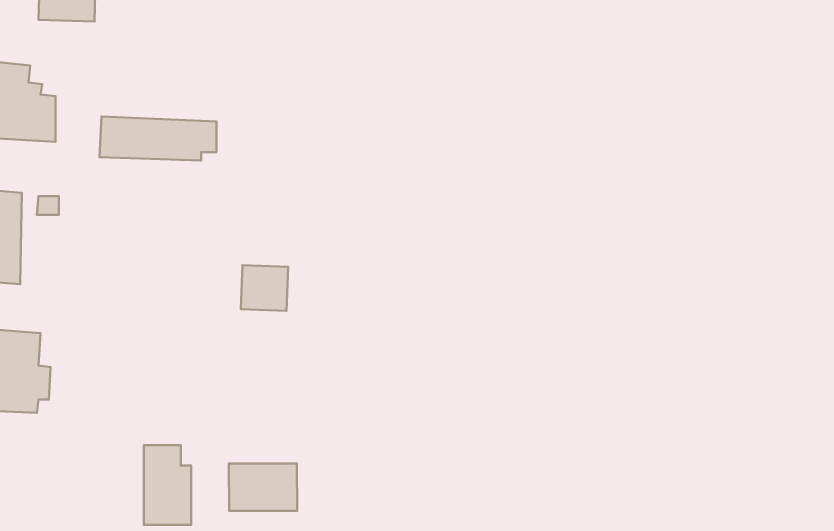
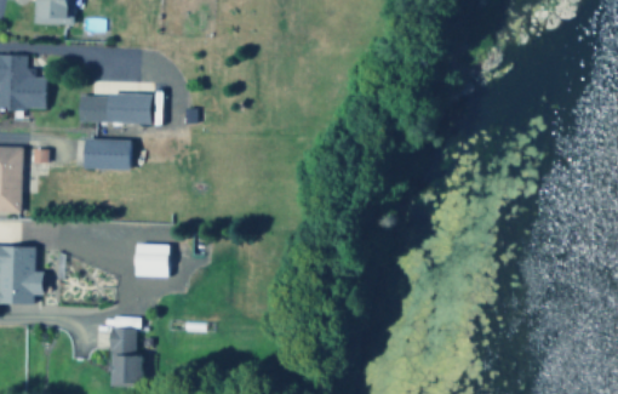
building: none -> [81,138,130,170]
building: [241,265,288,311] -> [133,244,167,276]
building: [229,464,297,511] -> none

